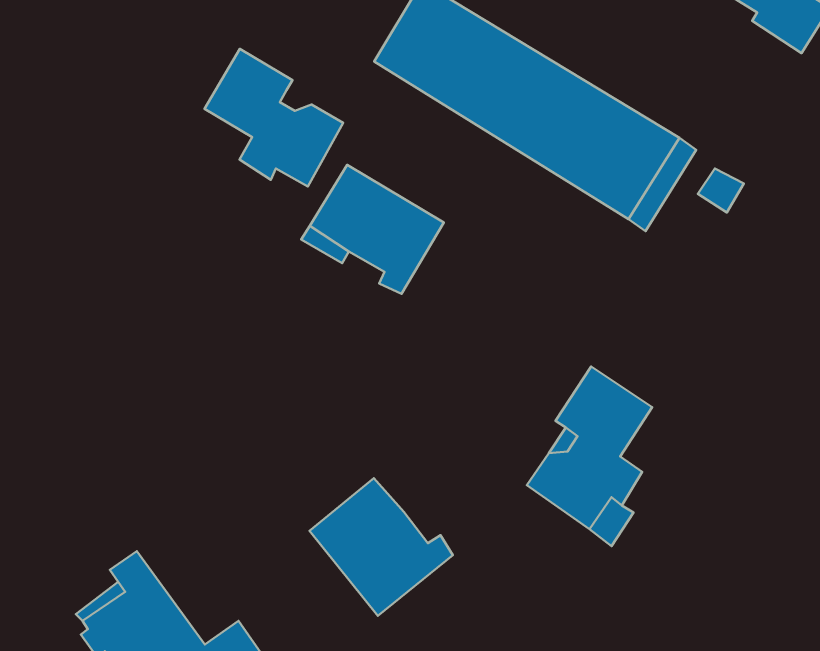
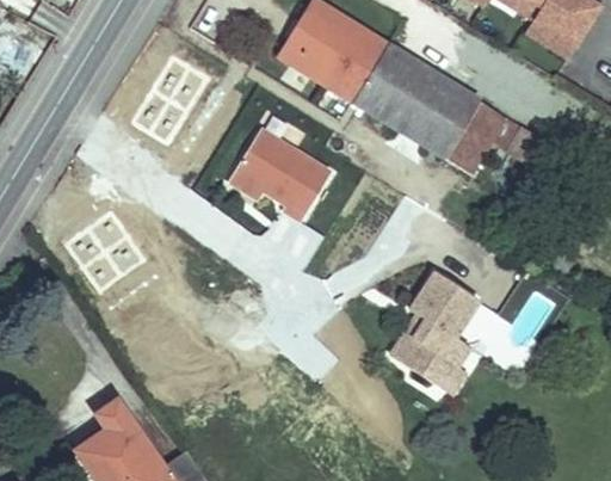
building: [205,49,343,187] -> none
building: [309,478,453,616] -> none

